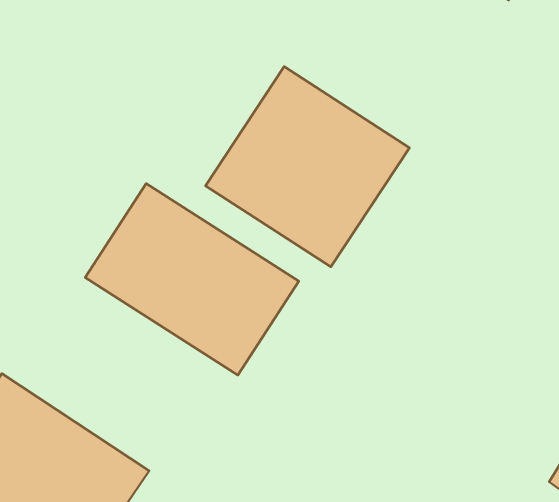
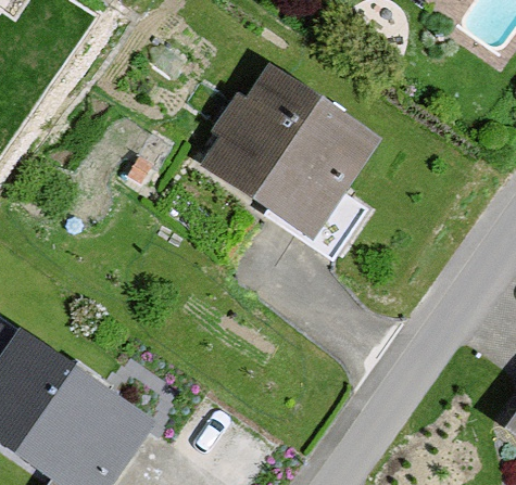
building: [85,183,299,375] -> none

